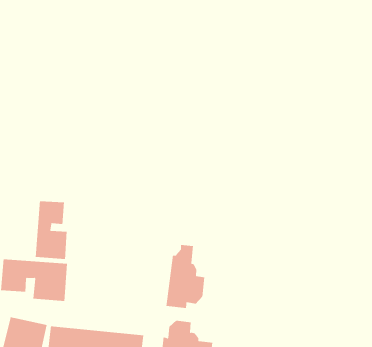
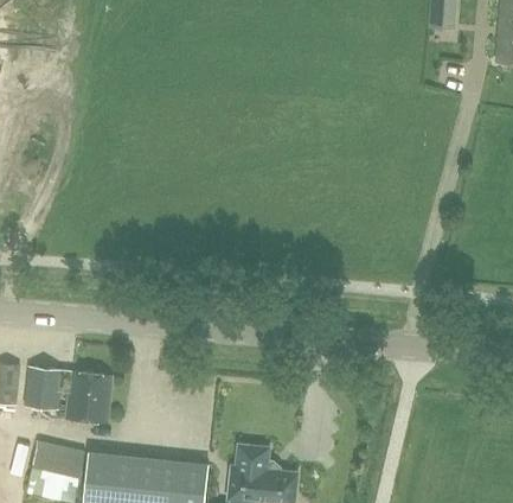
building: [35,200,67,260] -> none
building: [166,244,205,309] -> none

